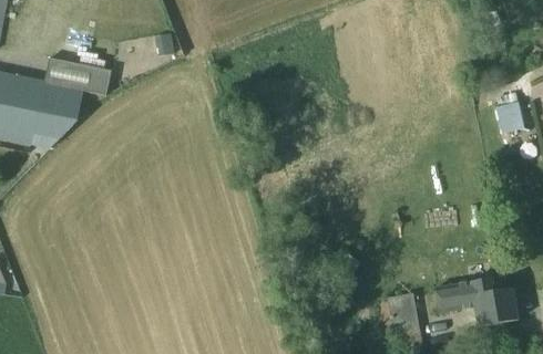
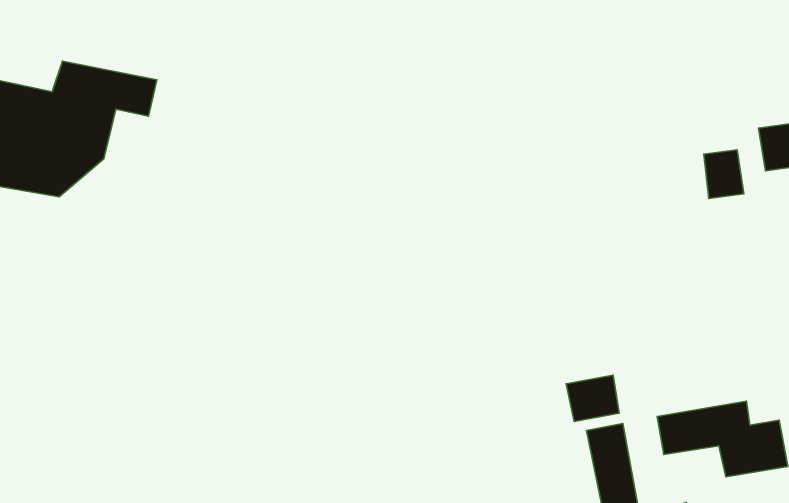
building: none -> [704,150,744,198]
building: none -> [566,375,619,422]

